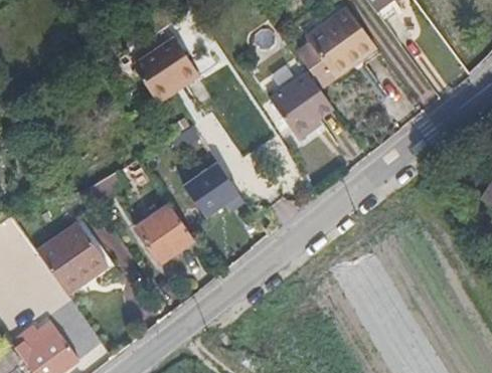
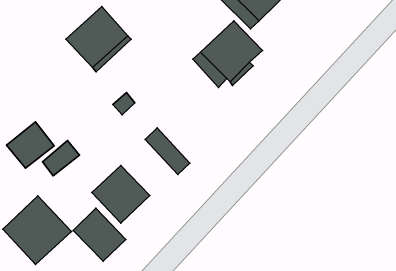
building: none -> [6,122,54,168]
building: none -> [73,208,126,261]

